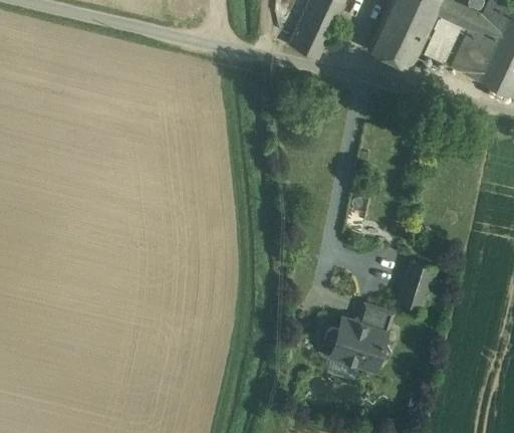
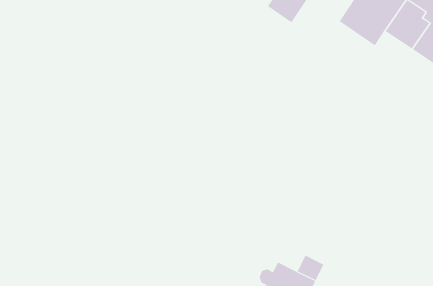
building: [397,259,434,307] -> none

